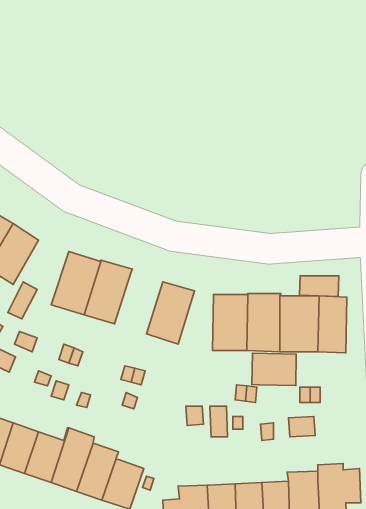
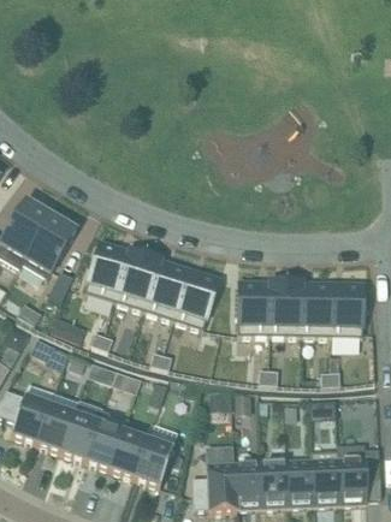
building: none -> [146,261,191,320]
building: [300,276,339,296] -> none
building: [252,353,296,386] -> none

